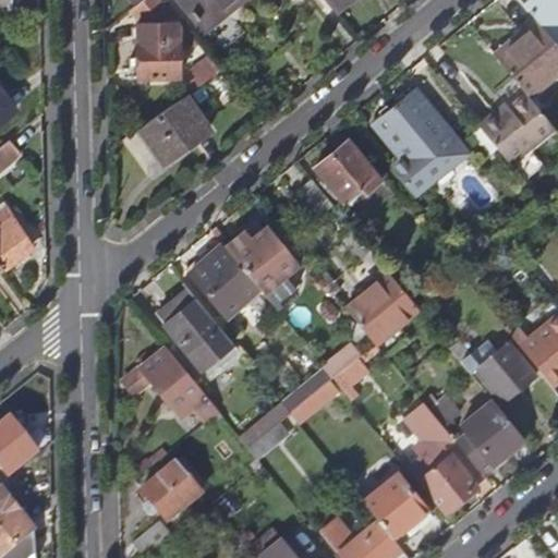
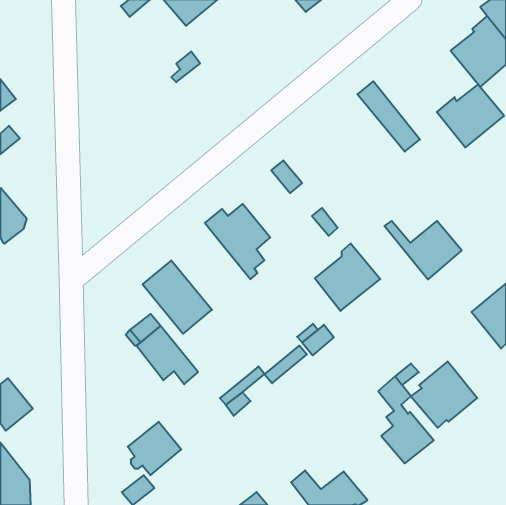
building: [136,21,181,76] -> none
building: [138,101,208,169] -> none
building: [376,104,446,194] -> none
building: [314,136,381,202] -> none
building: [185,243,254,314] -> none
building: [450,340,535,404] -> [384,221,462,279]
building: [369,482,432,536] -> none

